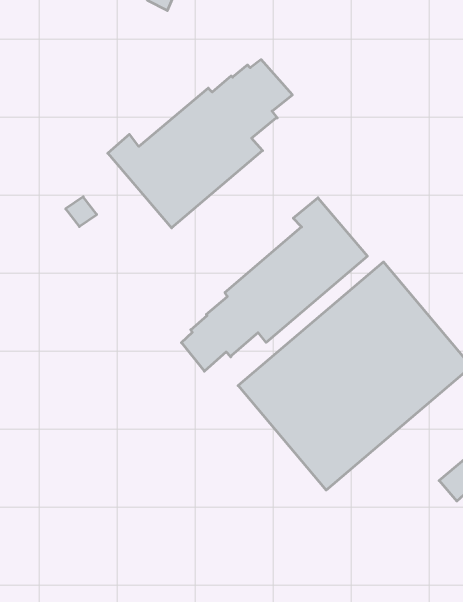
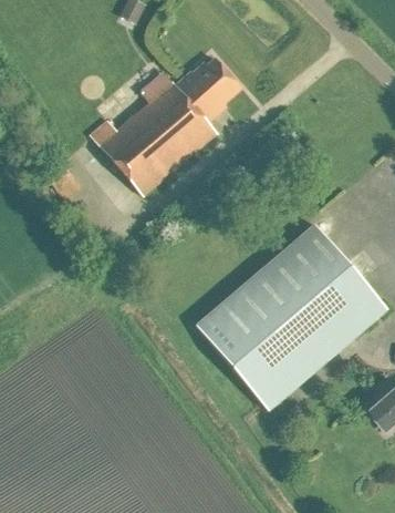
building: [181,198,367,371] -> none

